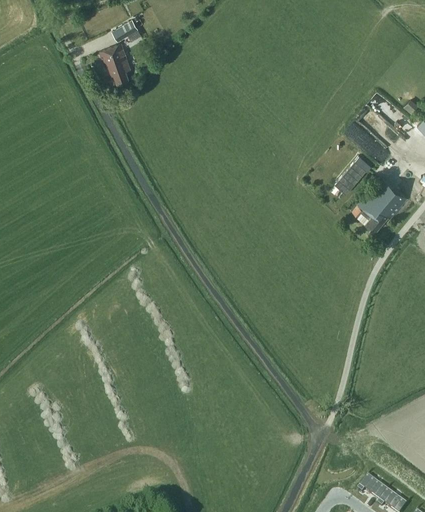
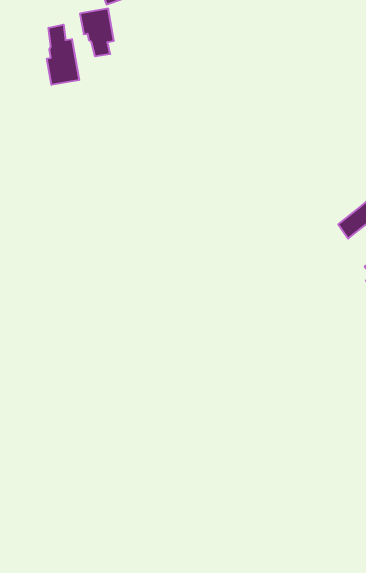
building: none -> [47,25,79,85]

